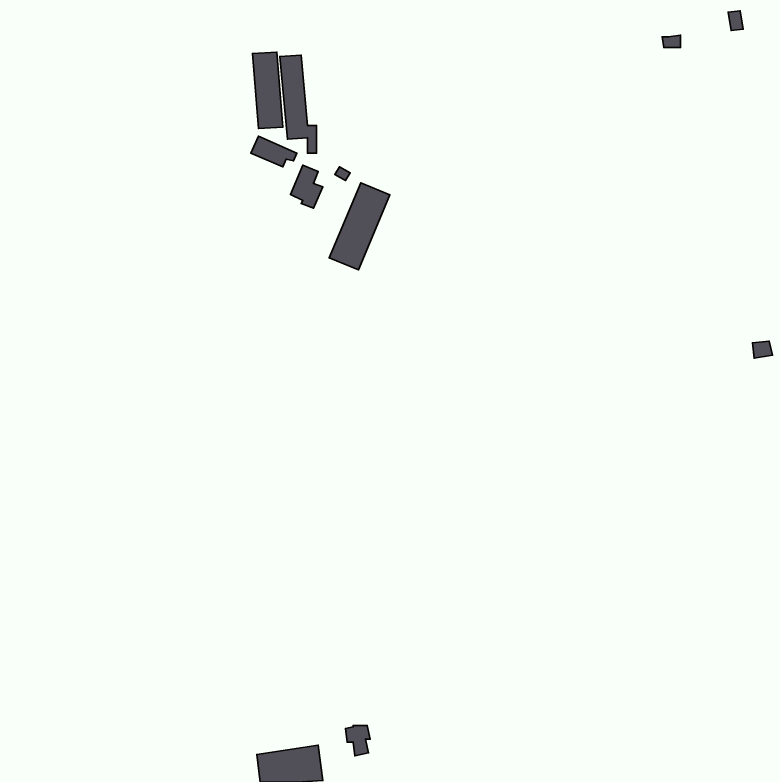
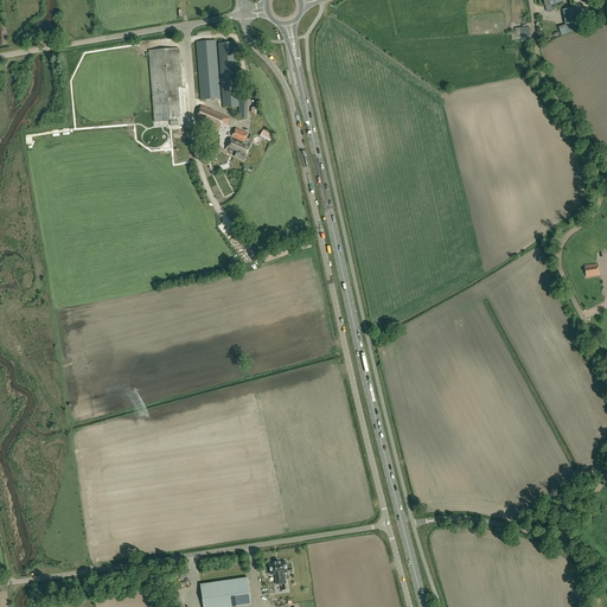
building: none -> [148,49,184,127]
building: [329,183,390,270] -> none

